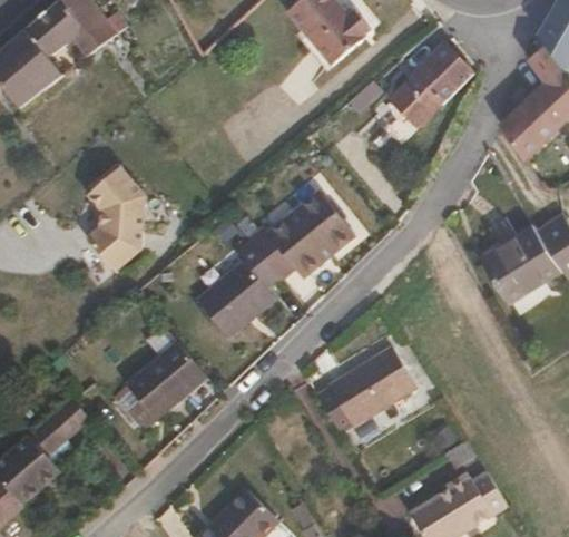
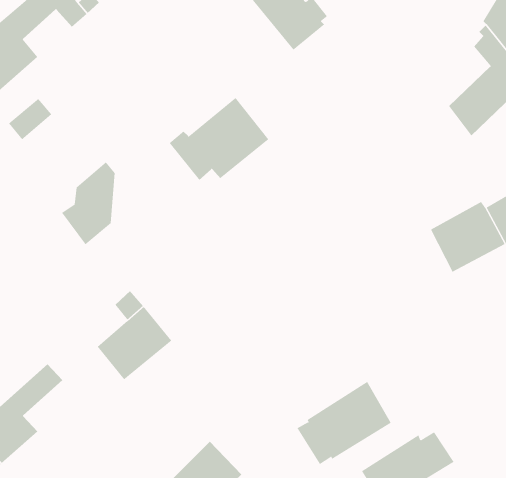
building: [389,43,473,131] -> none
building: [88,168,135,213] -> [8,98,52,140]
building: [246,189,353,279] -> [169,97,269,181]
building: [194,258,273,336] -> none
building: [314,345,415,435] -> [296,381,392,465]

